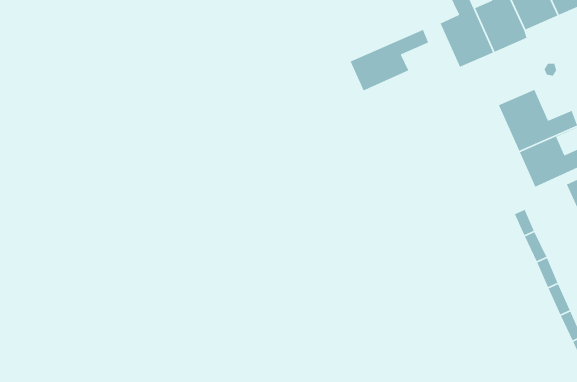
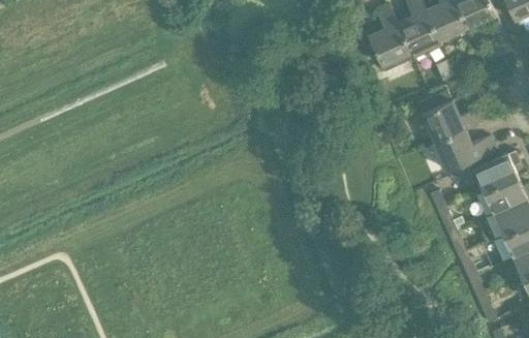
building: [350,29,436,92] -> none

